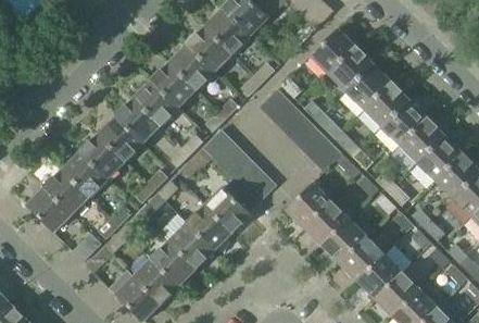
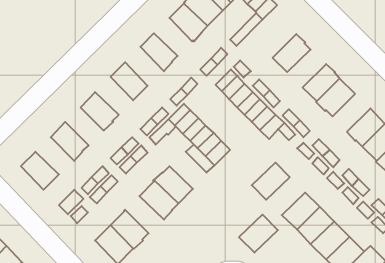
building: [186,26,231,72] -> none
building: [311,28,356,74] -> none
building: [150,61,197,108] -> none
building: [345,64,392,110] -> none
building: [114,97,161,142] -> none
building: [400,116,445,163] -> none
building: [79,134,125,179] -> none
building: [43,170,89,214] -> none
building: [286,182,331,227] -> none
building: [204,186,251,233] -> none
building: [320,218,367,263] -> [239,215,278,253]
building: [151,240,197,285] -> none

